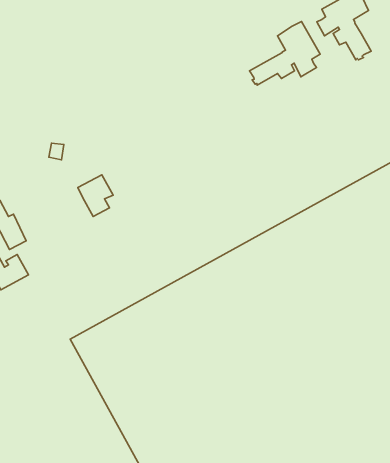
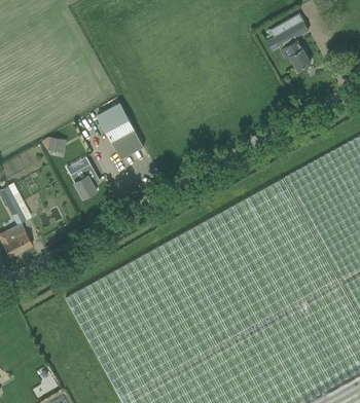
building: [249,21,320,85] -> none
building: none -> [96,103,144,160]

